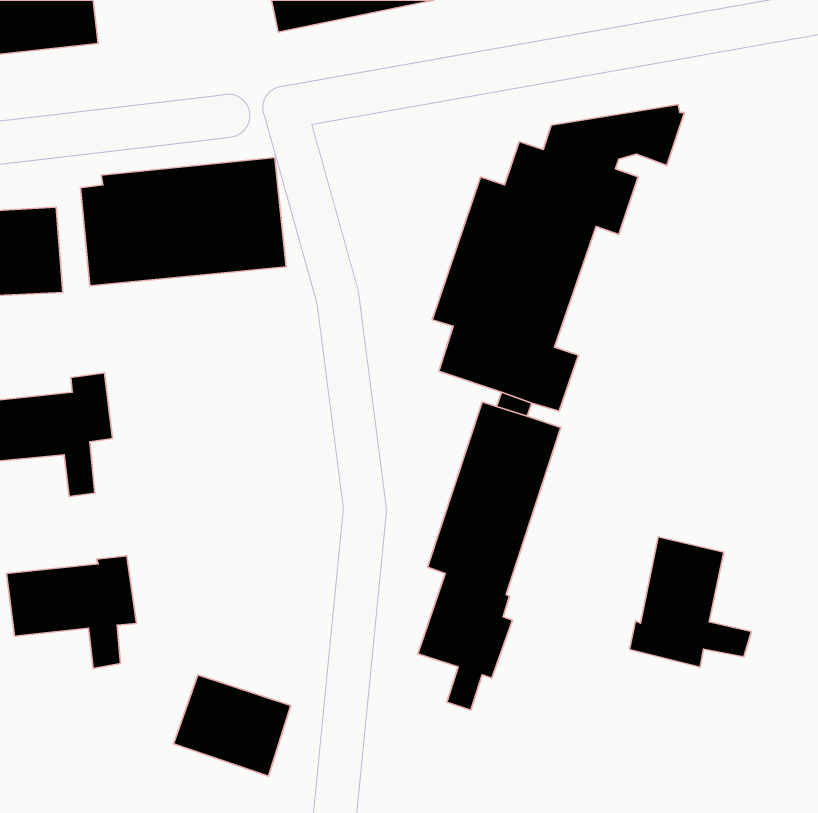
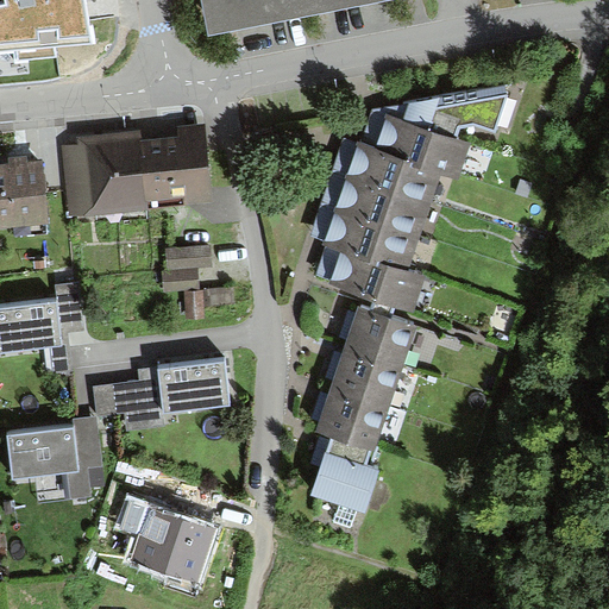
building: none -> [158,245,232,320]
building: none -> [90,360,228,433]
building: [629,537,751,667] -> none

